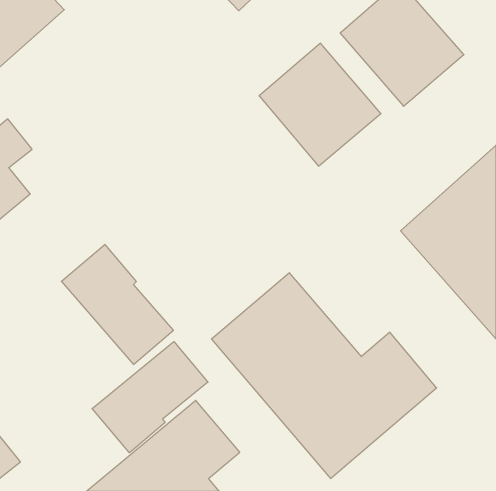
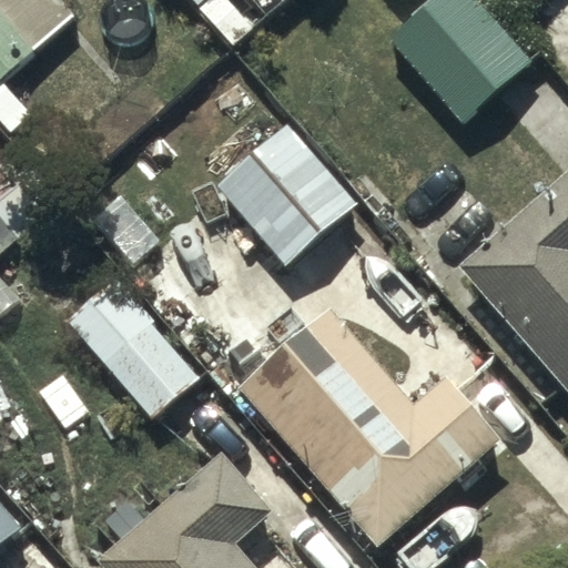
building: [259,43,381,166] -> [216,124,355,264]
building: [92,342,208,453] -> none

